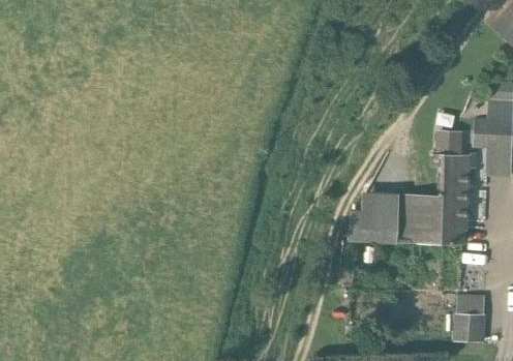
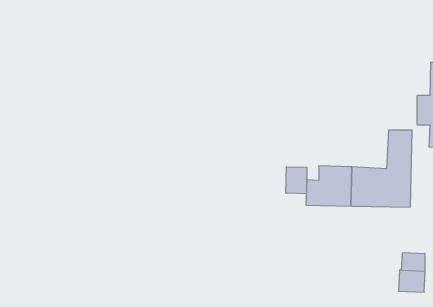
building: [440,130,464,155] -> none
building: none -> [286,167,307,194]

